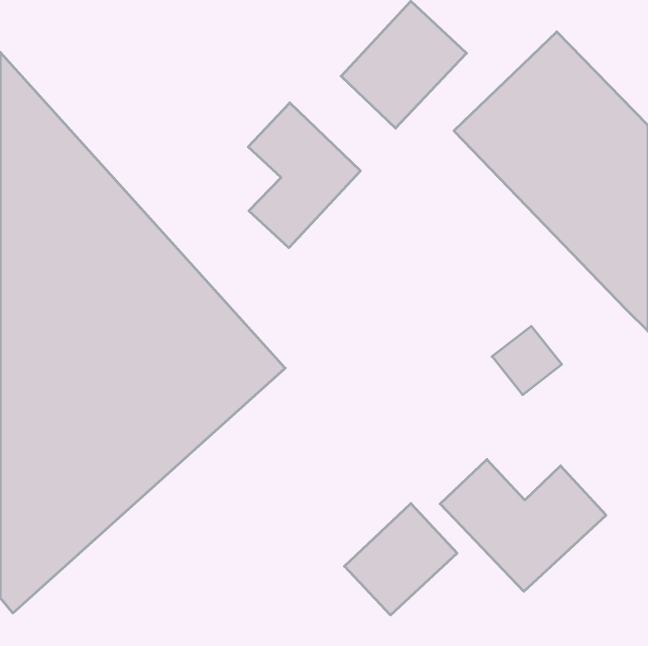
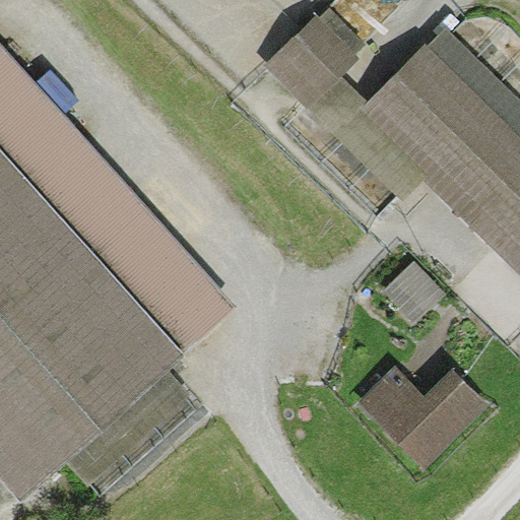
building: [248,103,360,248] -> none
building: [344,503,457,615] -> none

